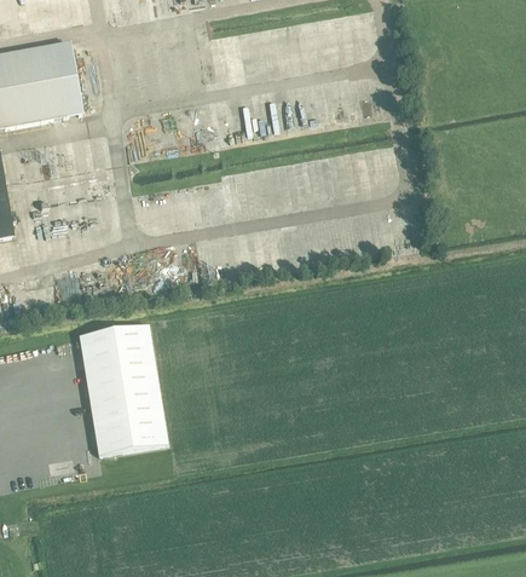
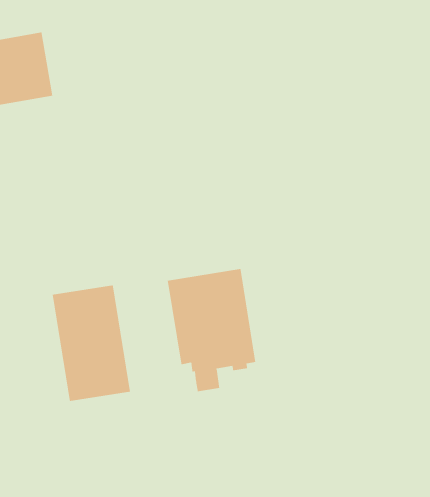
building: none -> [167,268,256,392]

